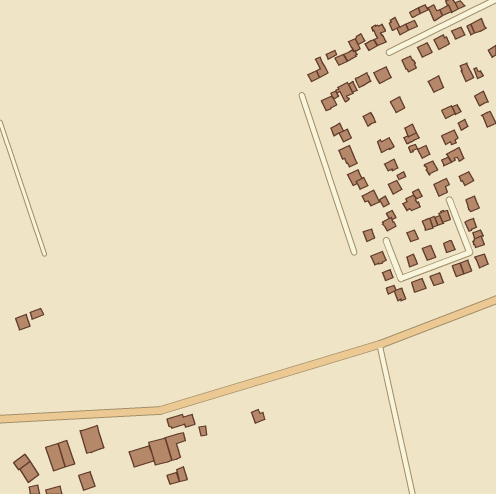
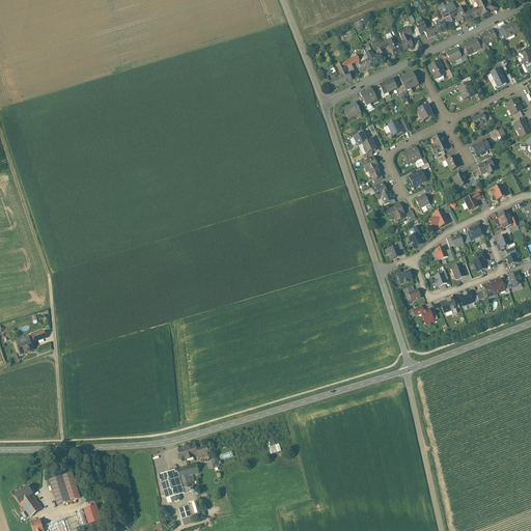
building: [80,425,104,453] -> none
building: [129,446,154,467] -> none

